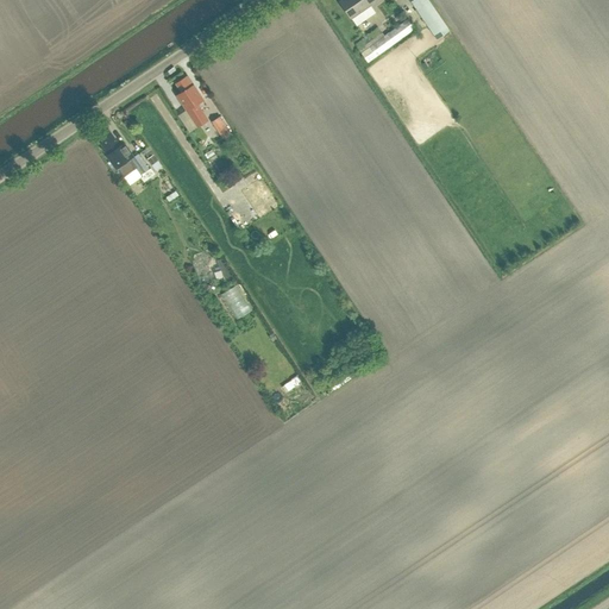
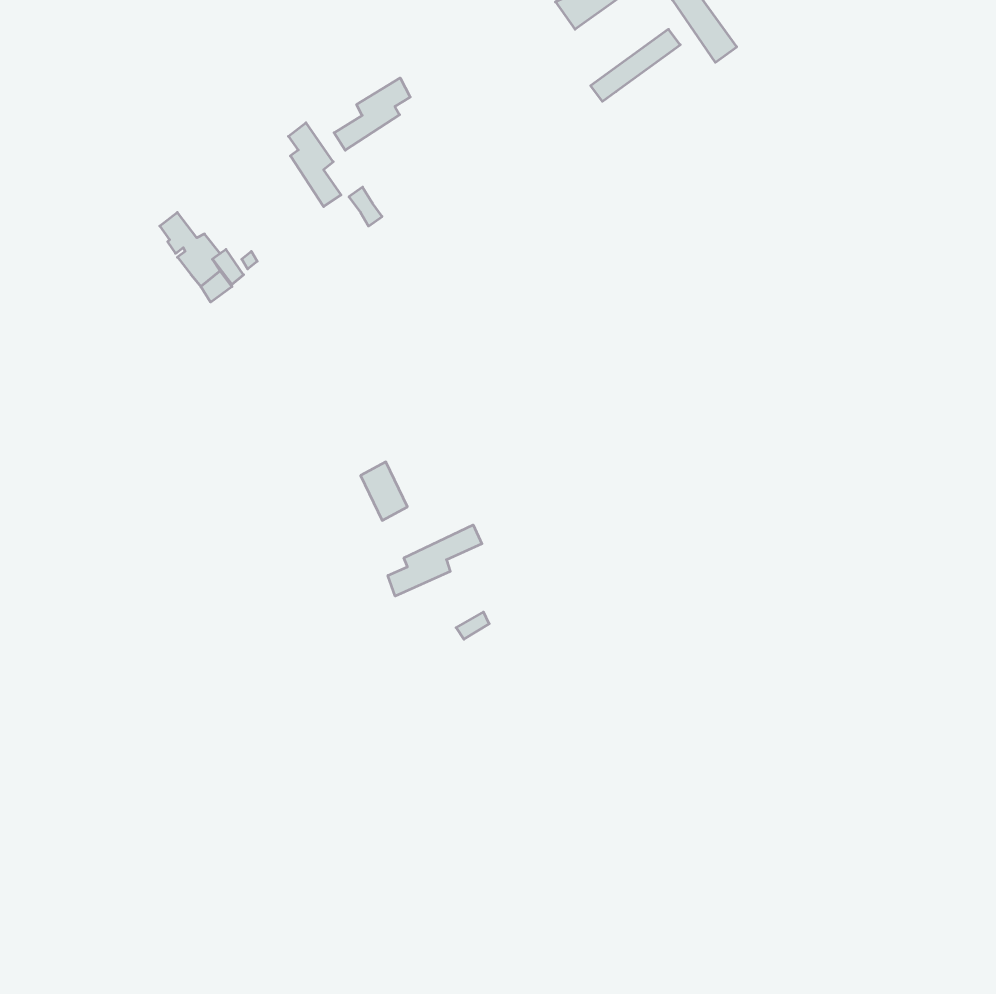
building: none -> [334,78,410,150]
building: none -> [388,525,482,596]

